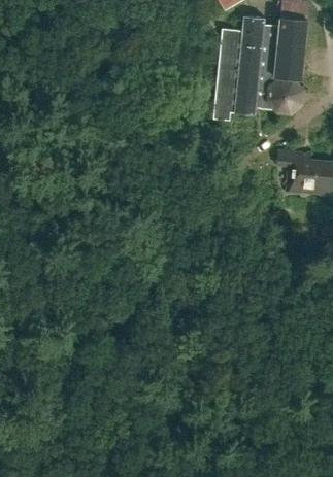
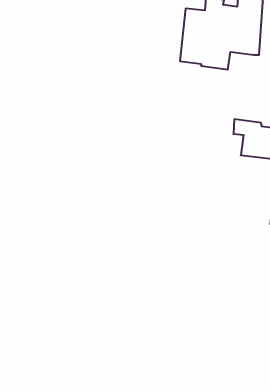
building: [211,75,304,118] -> none

